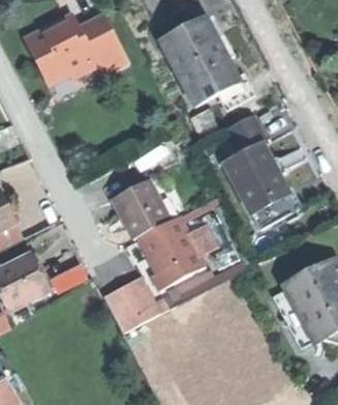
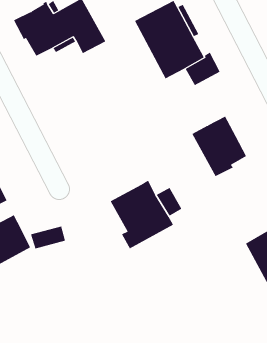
building: [227,114,267,153] -> none
building: [105,176,168,240] -> none
building: [250,184,302,227] -> none
building: [101,274,157,330] -> none

